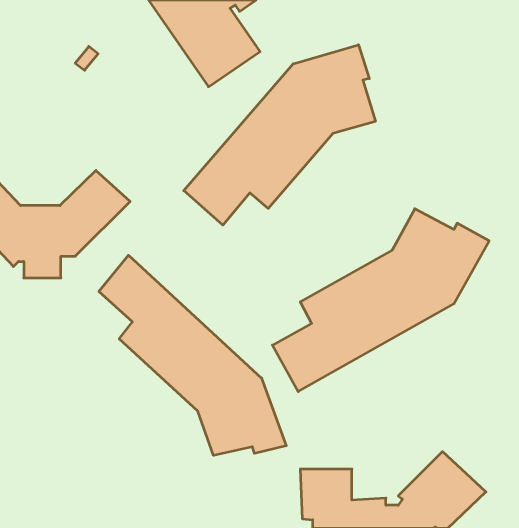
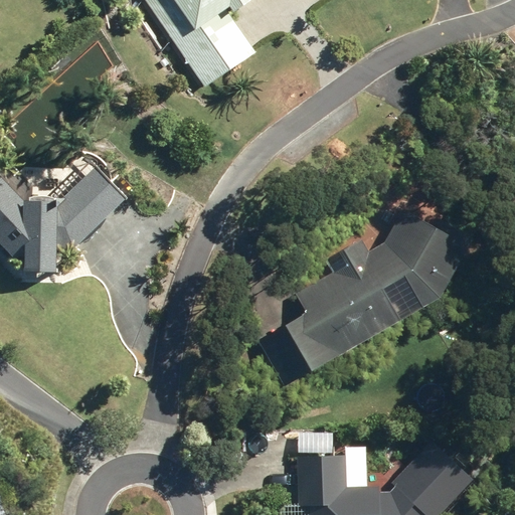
building: [184,45,375,225] -> none
building: [99,255,286,455] -> none

